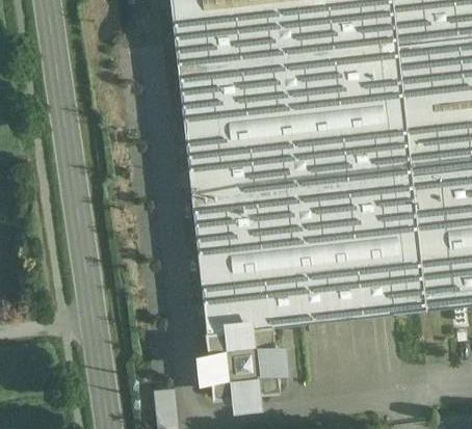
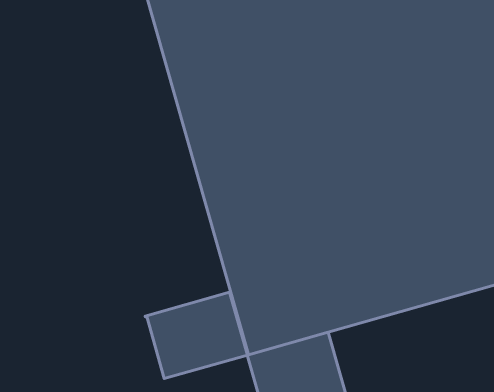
building: none -> [145,292,247,379]

